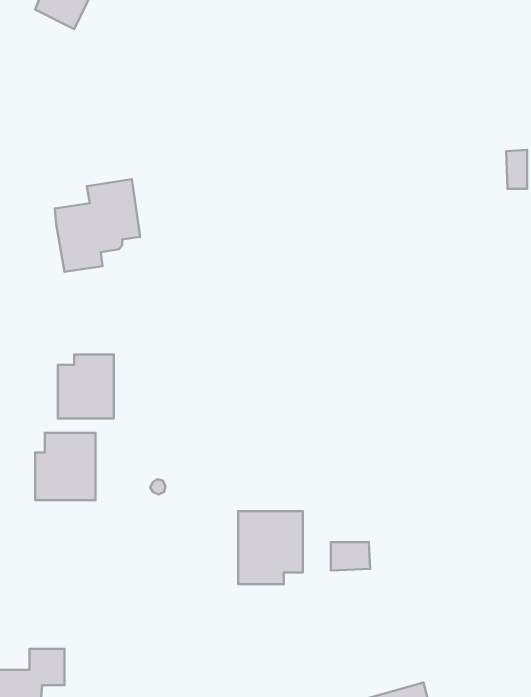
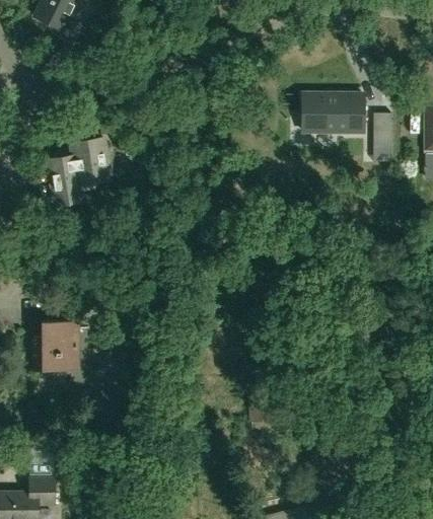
building: none -> [299,96,366,137]
building: [58,354,114,418] -> none
building: [238,511,303,584] -> none

